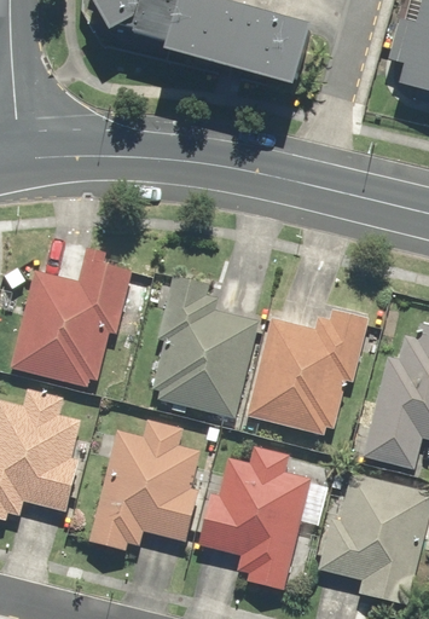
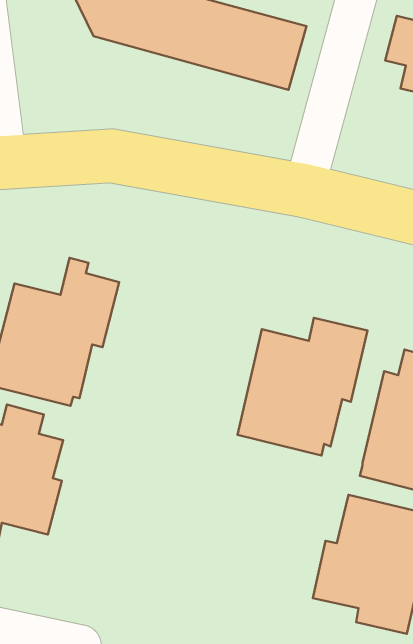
building: [153,273,259,417] -> none
building: [91,420,198,548] -> none
building: [199,445,311,589] -> none

